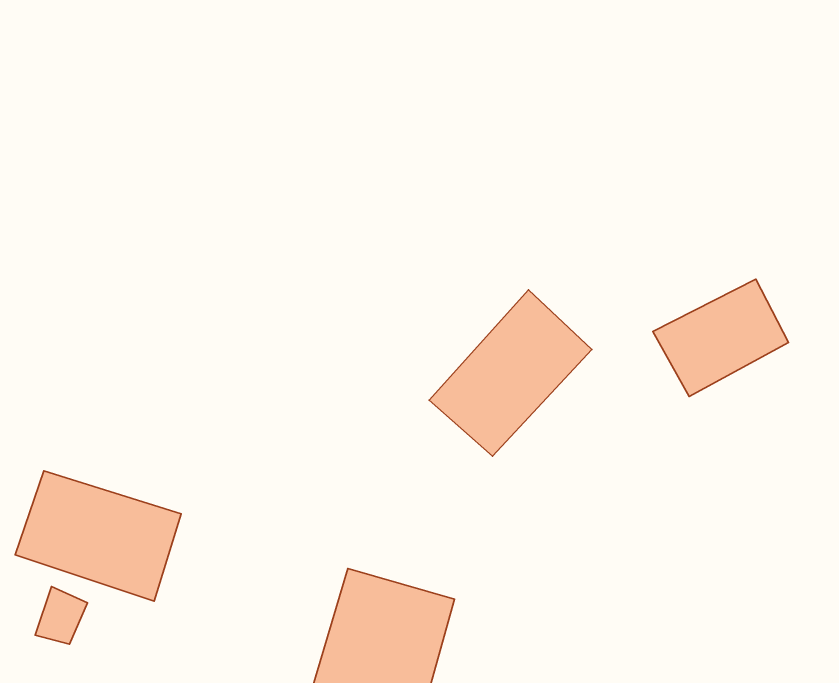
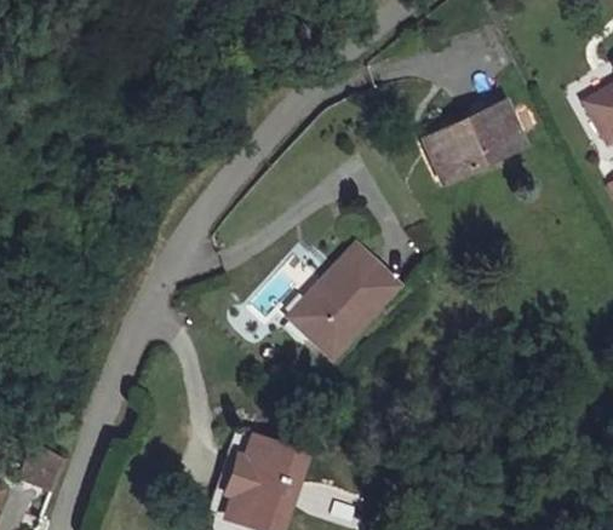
building: [653,279,788,397] -> [428,102,519,180]
building: [15,471,181,601] -> none

